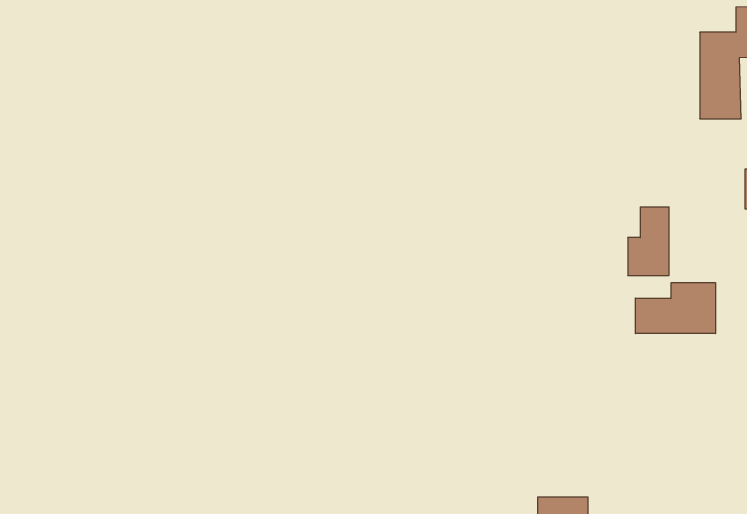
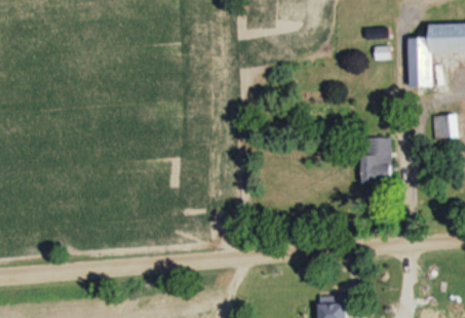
building: [635,283,715,334] -> none

